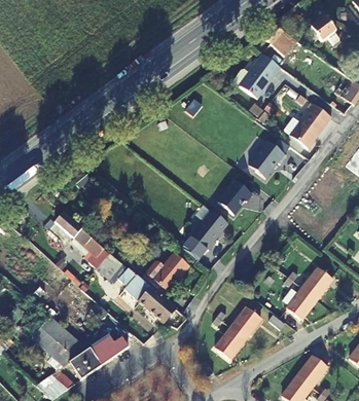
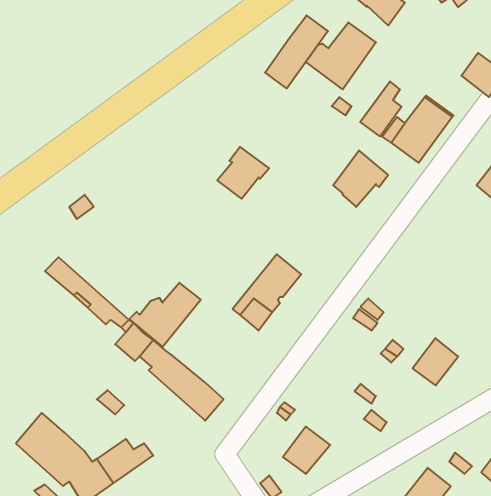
building: none -> [265,15,328,88]
building: none -> [360,81,402,136]
building: [216,180,251,215] -> [217,147,269,199]
building: [140,254,188,297] -> [129,283,201,347]
building: [287,288,318,320] -> none
building: [230,306,262,339] -> none

